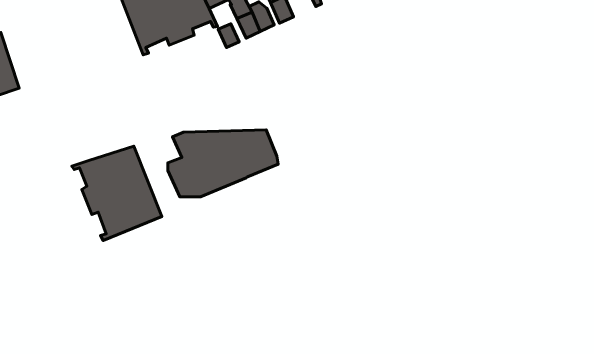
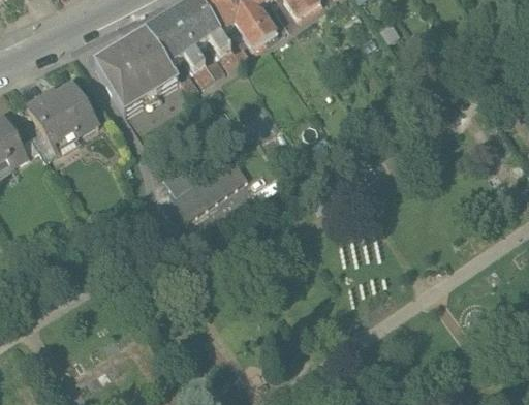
building: none -> [27,84,96,145]
building: [72,146,162,240] -> none

